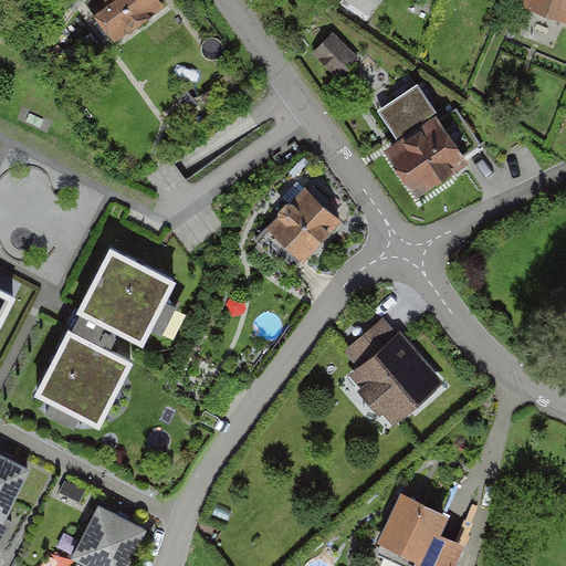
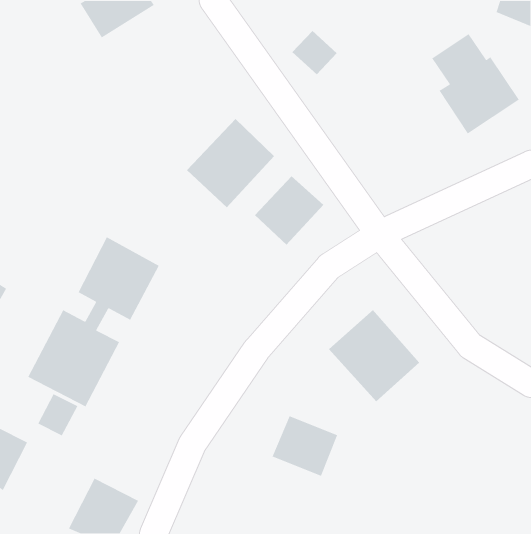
building: [371,86,465,193] -> [431,33,520,134]
building: none -> [186,118,275,208]
building: none -> [37,393,78,436]
building: [380,494,451,559] -> [271,415,338,477]

